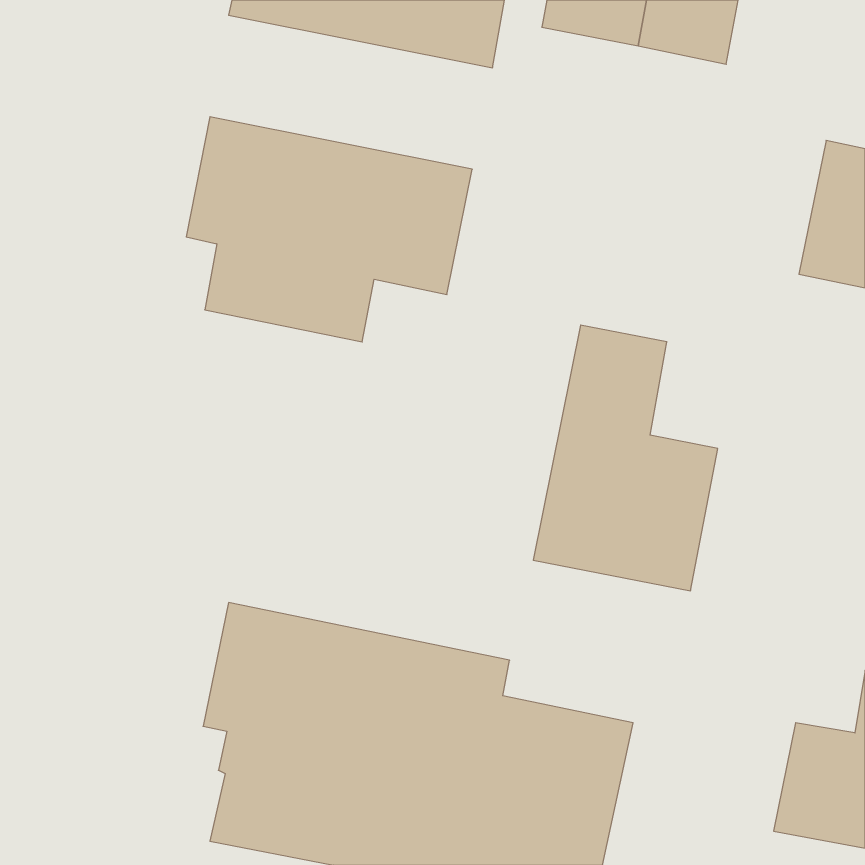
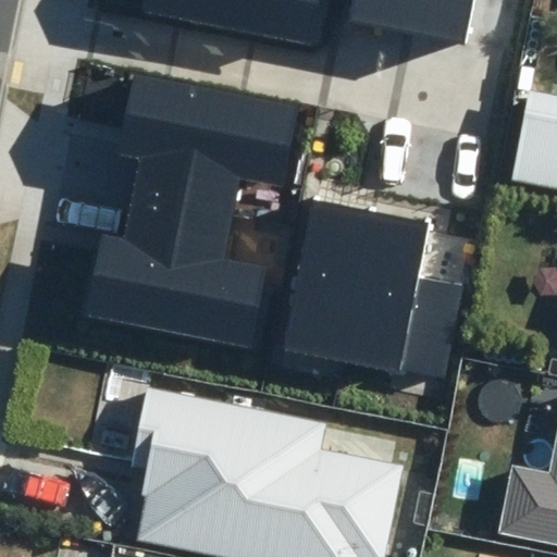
building: none -> [283,198,373,360]
building: none -> [87,199,272,350]

